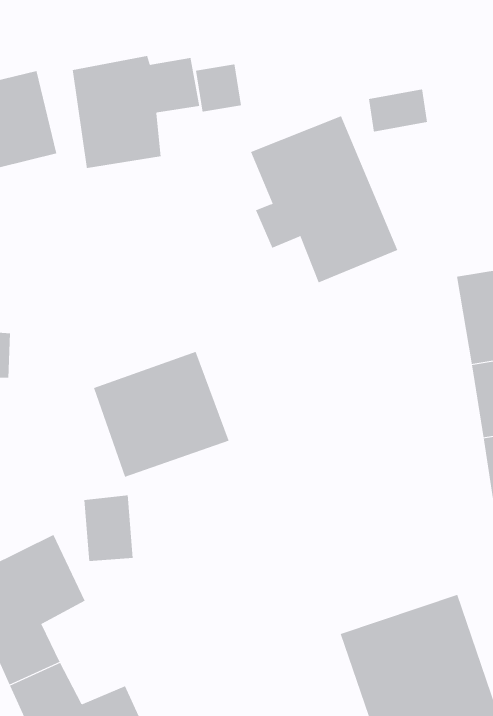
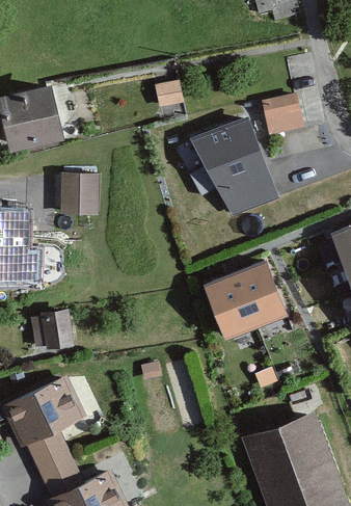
building: [72,55,200,169] -> none
building: none -> [59,172,98,217]
building: [93,351,229,477] -> [204,259,289,338]
building: [84,495,133,561] -> [44,311,75,352]

